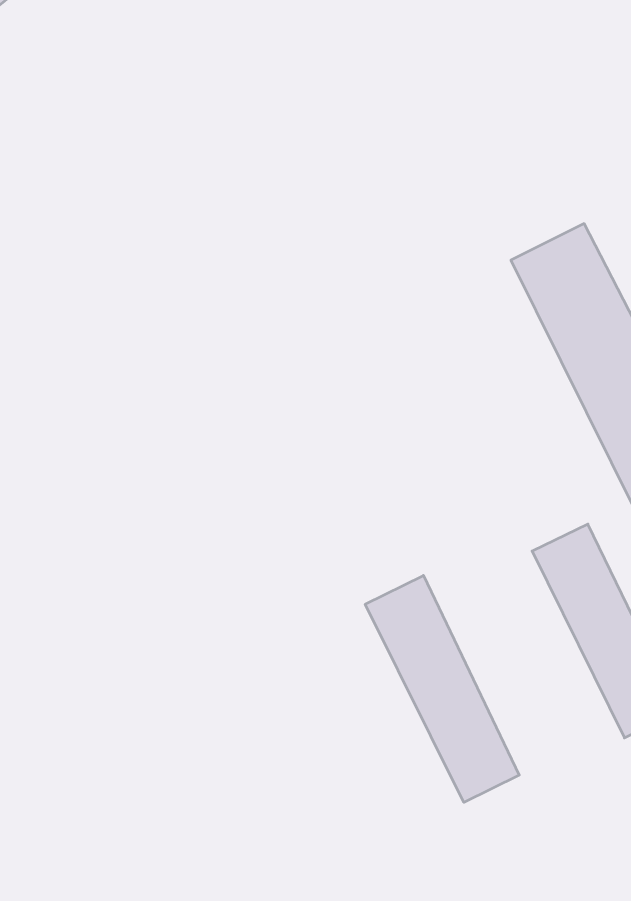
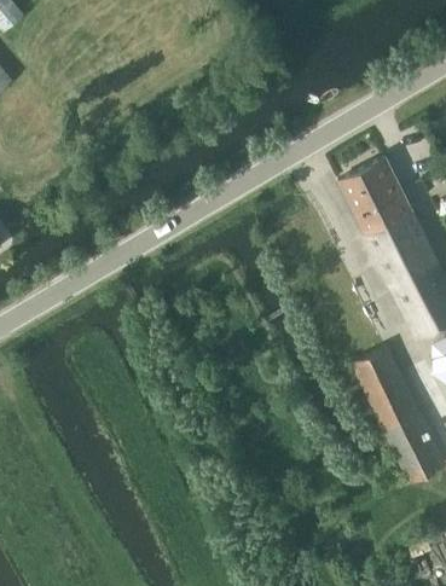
building: [365,575,519,802] -> none

